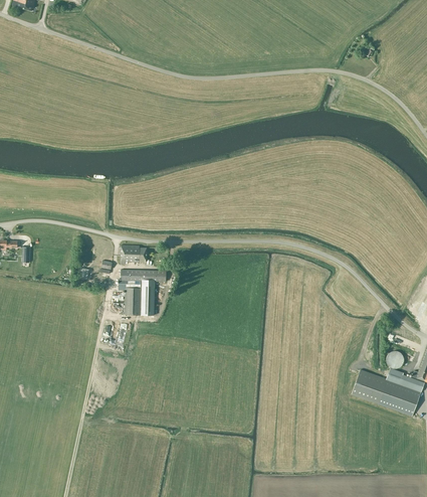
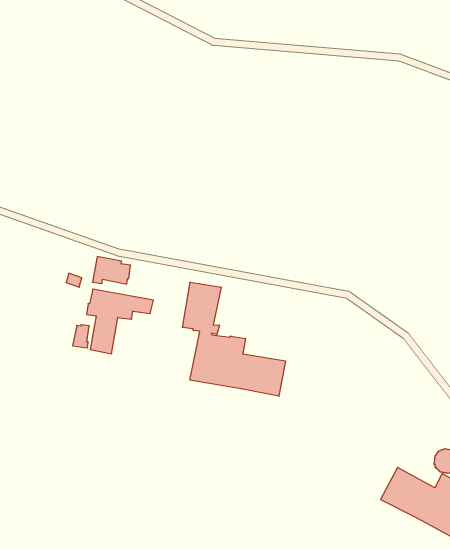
building: none -> [182,282,285,396]

